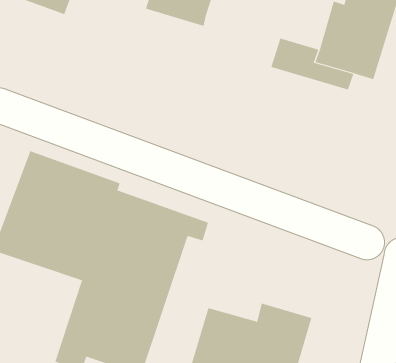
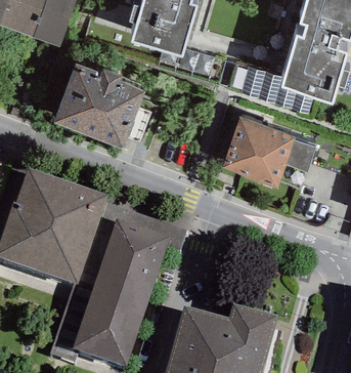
building: none -> [52,64,150,150]
building: none -> [221,117,315,188]

